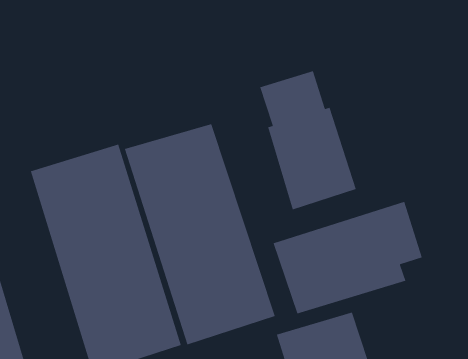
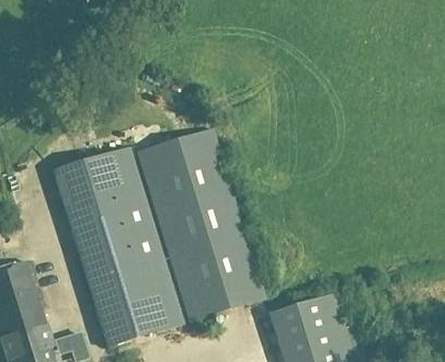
building: [259,70,357,211] -> none
building: [273,201,423,314] -> none

